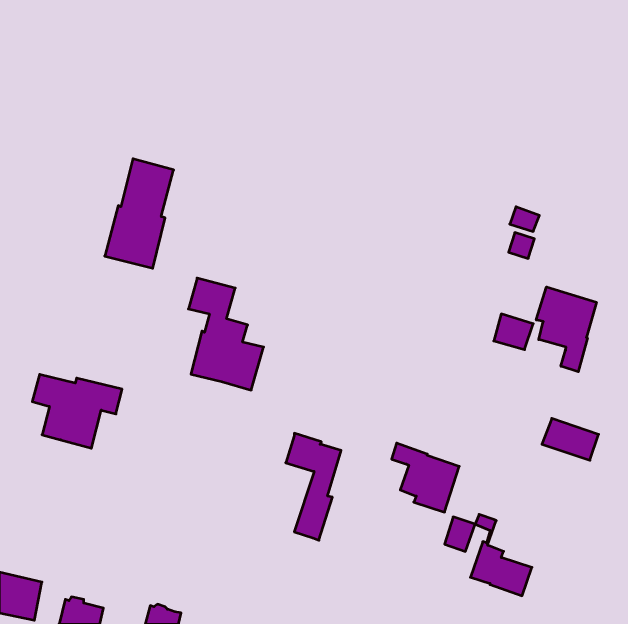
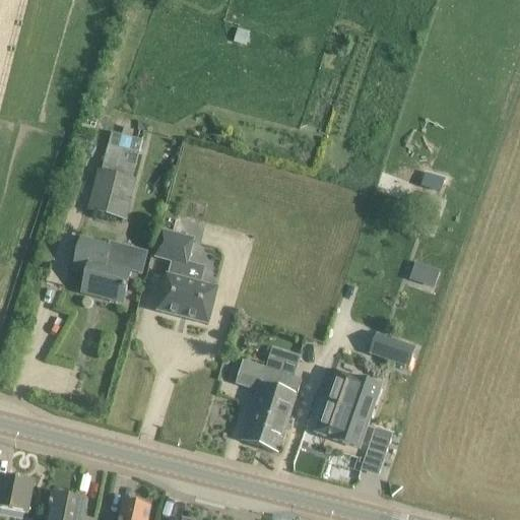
building: [536,287,596,372] -> none
building: [32,374,122,448] -> [73,238,147,299]
building: none -> [263,344,301,450]
building: [542,418,599,460] -> [369,333,415,368]
building: [470,514,532,596] -> [316,379,367,446]

